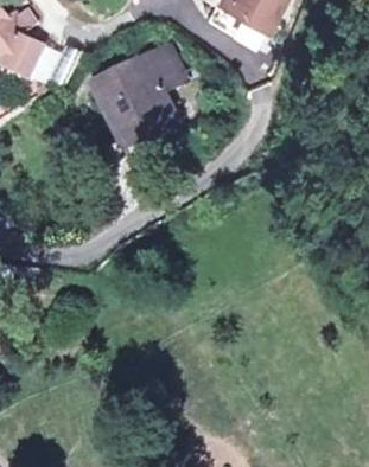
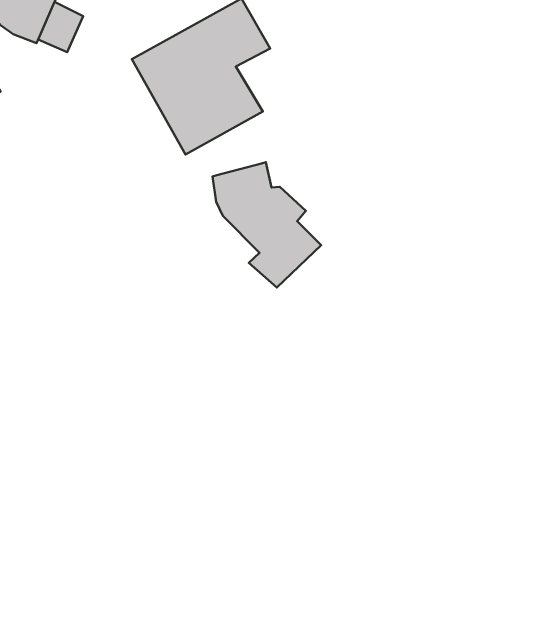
building: none -> [213,162,321,287]

